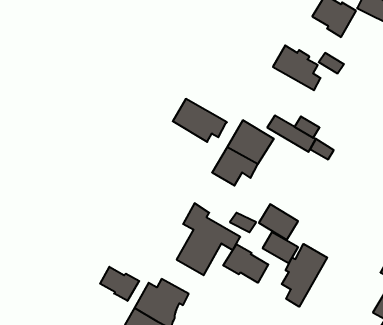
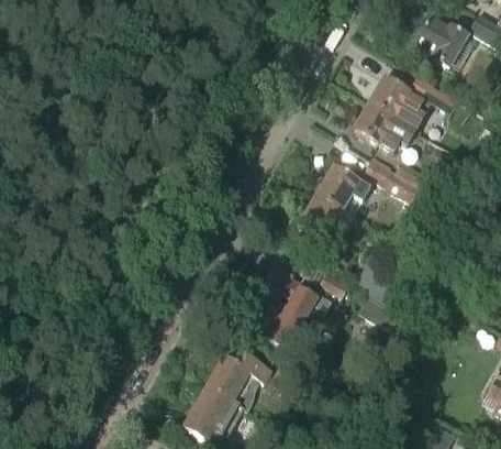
building: [173,99,227,142] -> [355,100,419,151]
building: [282,244,327,307] -> none
building: [223,244,268,283] -> none
building: [100,267,139,301] -> none

